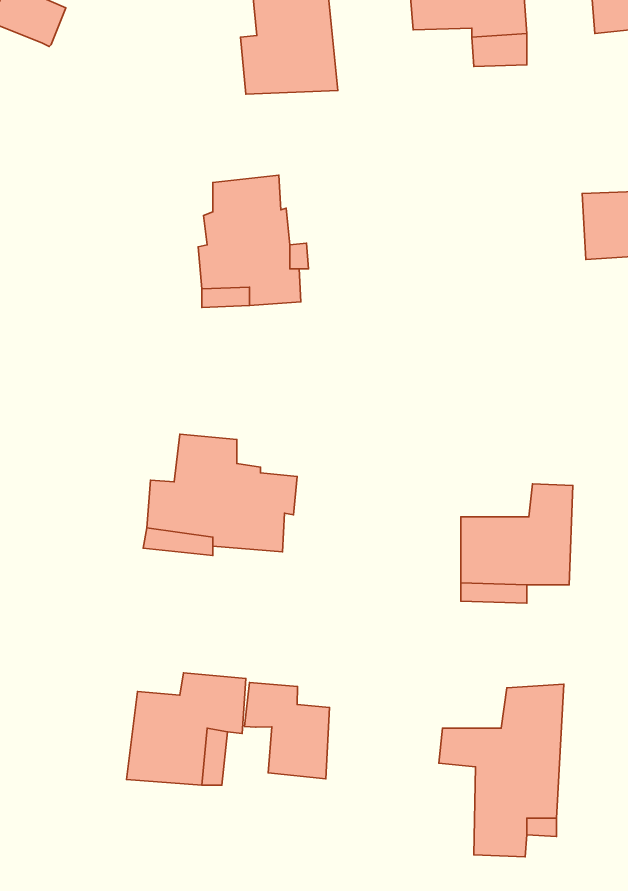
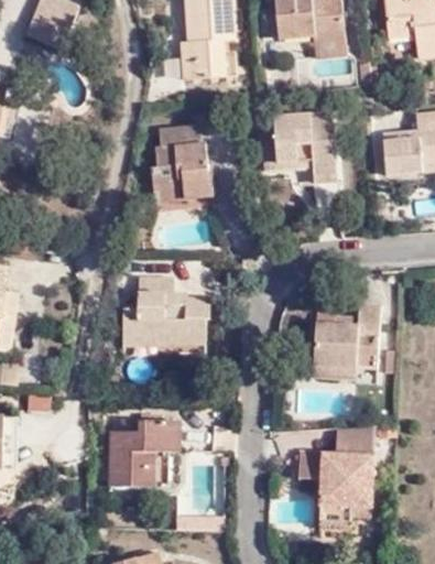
building: none -> [261,117,334,186]
building: [245,682,330,779] -> none

